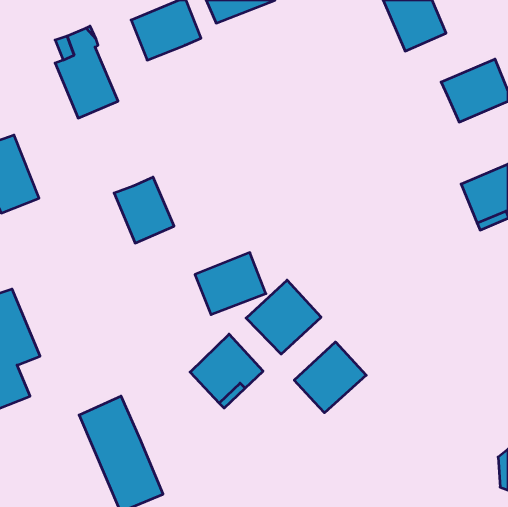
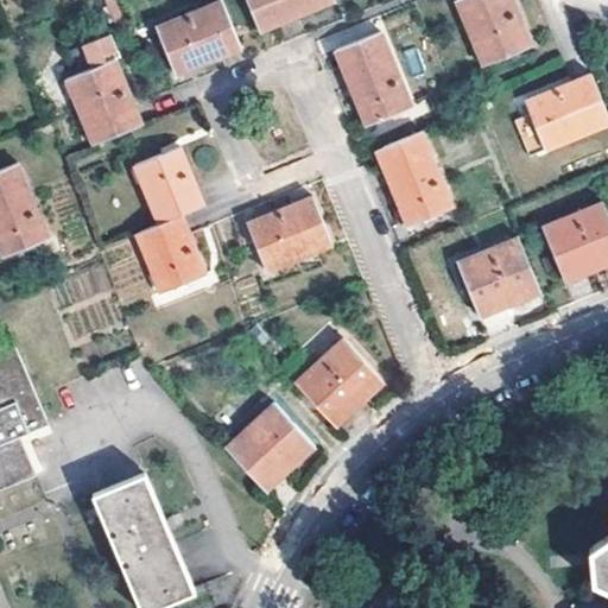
building: none -> [334,32,410,126]
building: none -> [375,131,451,226]
building: none -> [132,145,203,226]
building: none -> [456,236,539,316]
building: [195,253,266,315] -> [246,197,330,271]
building: [294,342,366,413] -> none

